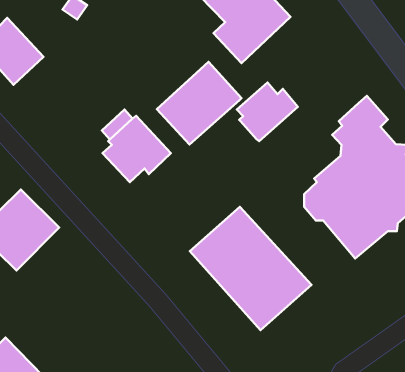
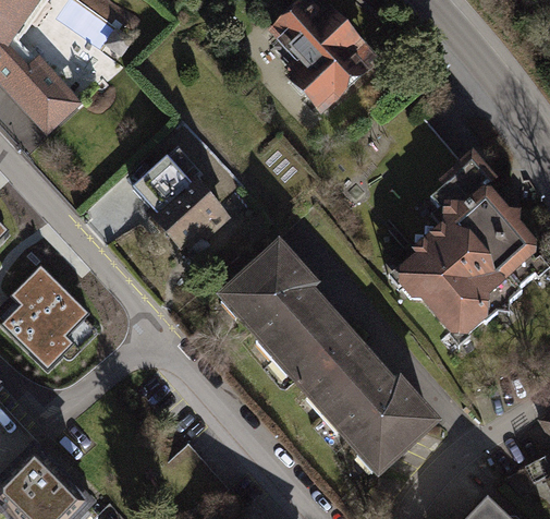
building: [157,62,241,145] -> [217,237,318,336]
building: [237,82,298,141] -> none
building: none -> [341,374,444,475]

